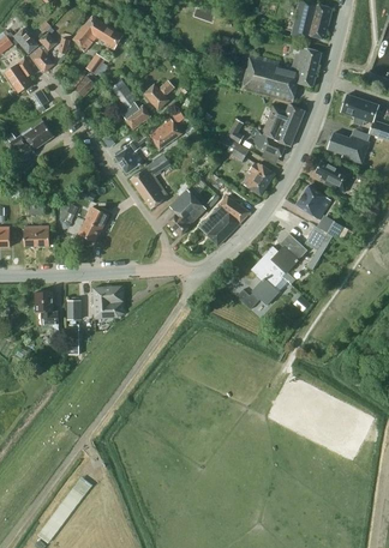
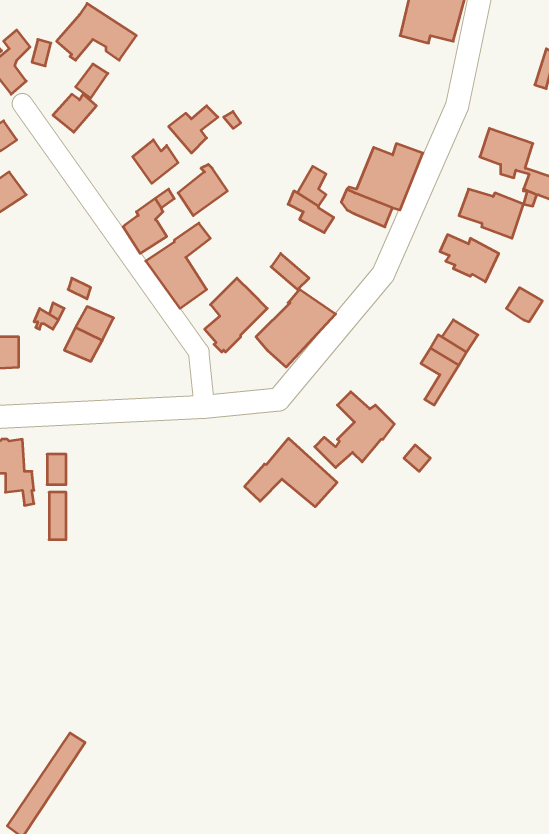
building: [241,47,322,102] -> none
building: [244,162,275,195] -> none
building: [295,185,330,218] -> none
building: [259,233,307,284] -> none
building: [94,285,124,318] -> none
building: none -> [245,438,337,507]

